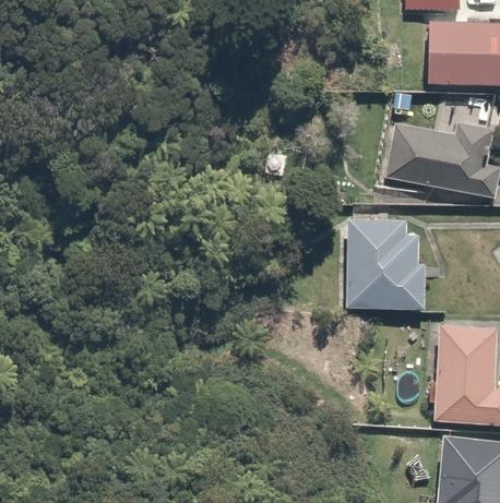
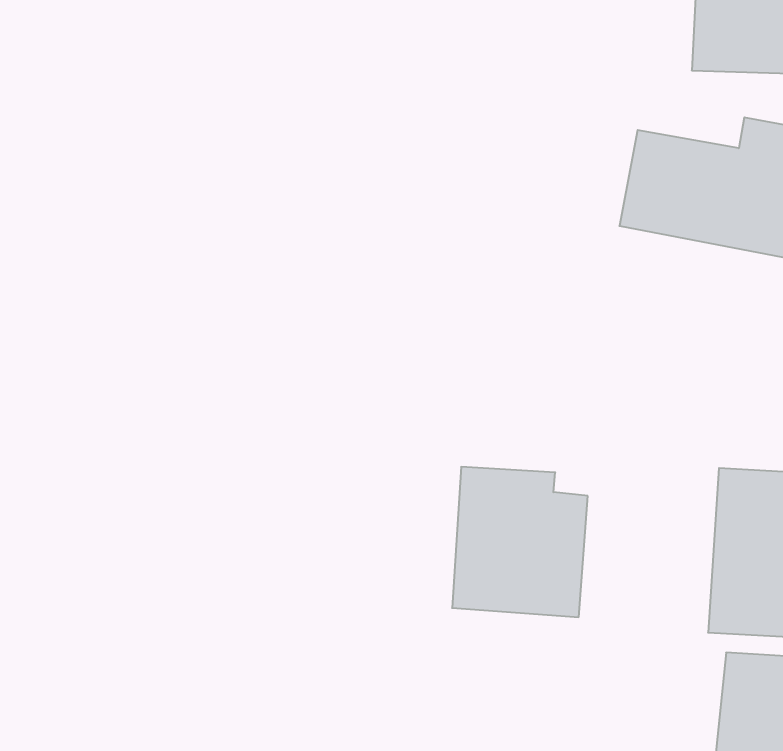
building: [347,223,429,313] -> [452,467,588,617]

